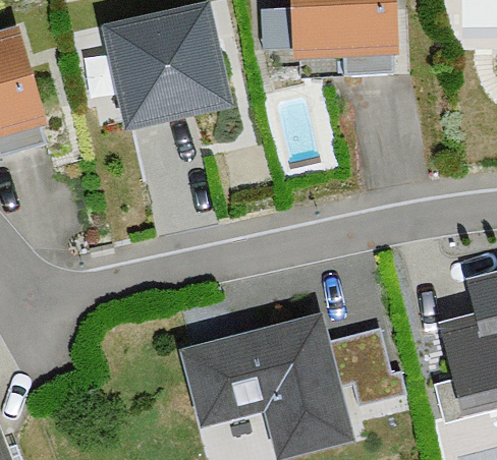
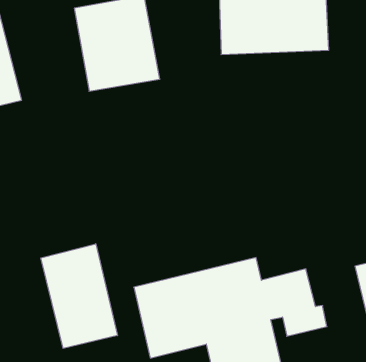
building: none -> [41,244,117,348]

